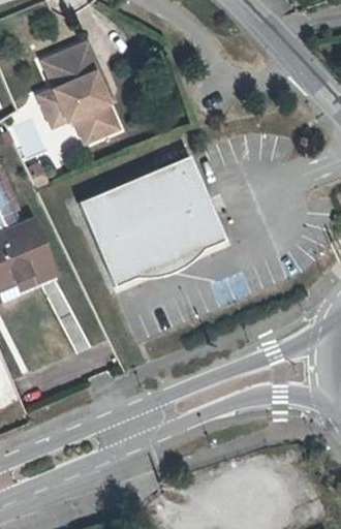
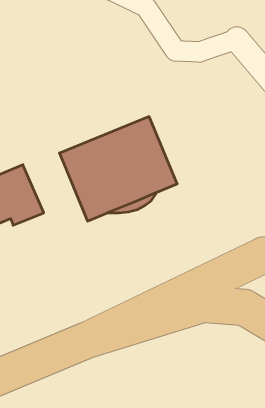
building: [31,36,124,149] -> none

